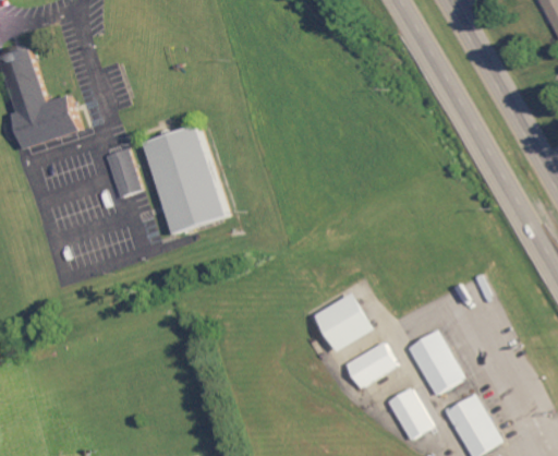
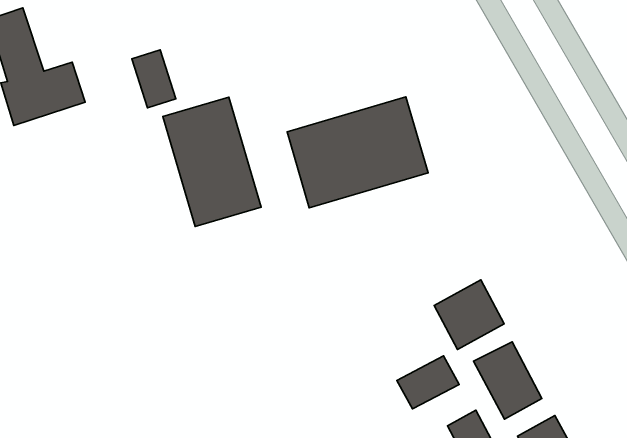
building: none -> [287,97,428,208]
building: [102,148,140,197] -> [132,50,176,108]
building: [315,292,374,351] -> [434,280,504,350]

